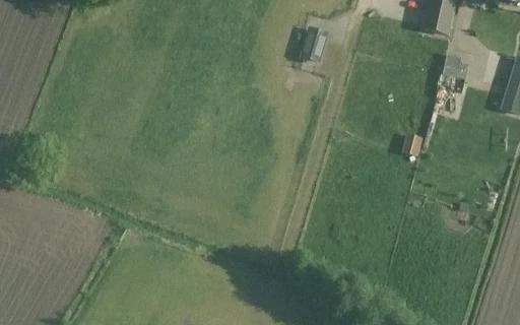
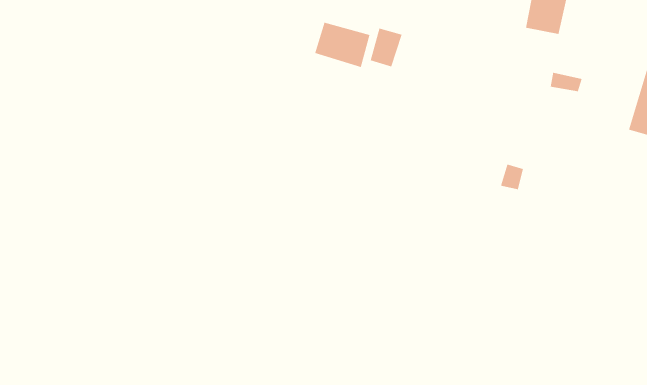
building: none -> [315,22,370,68]

